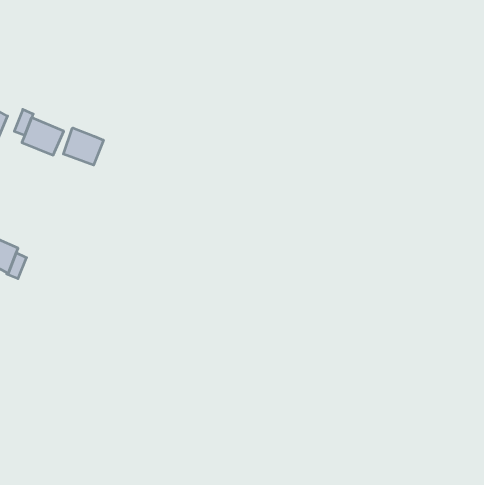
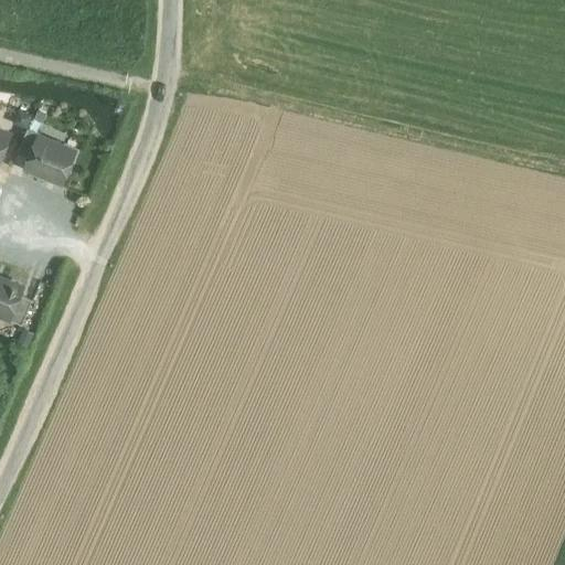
building: [63,128,103,165] -> none

